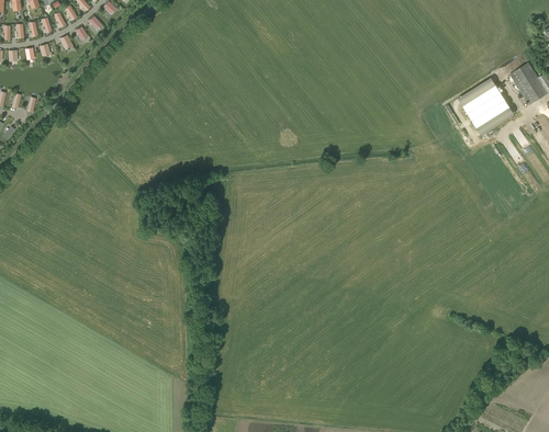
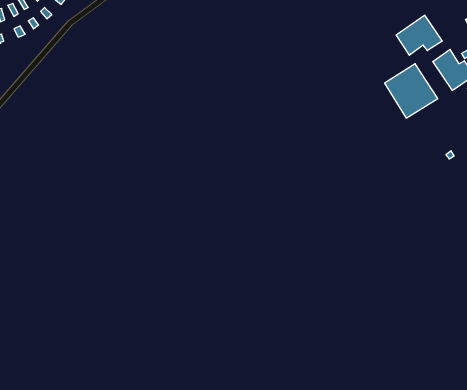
building: none -> [396,15,442,55]

